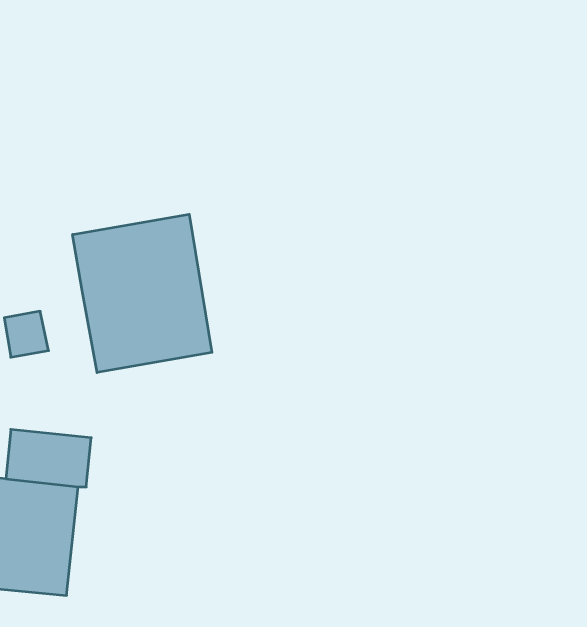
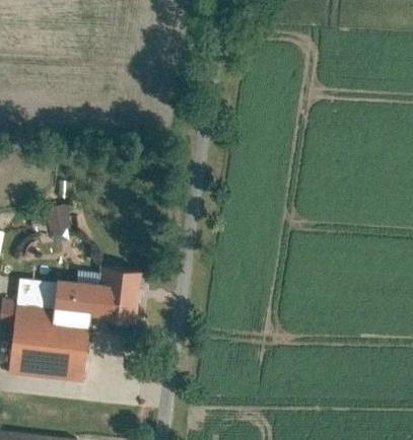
building: [73,214,212,373] -> none
building: none -> [95,267,134,317]

